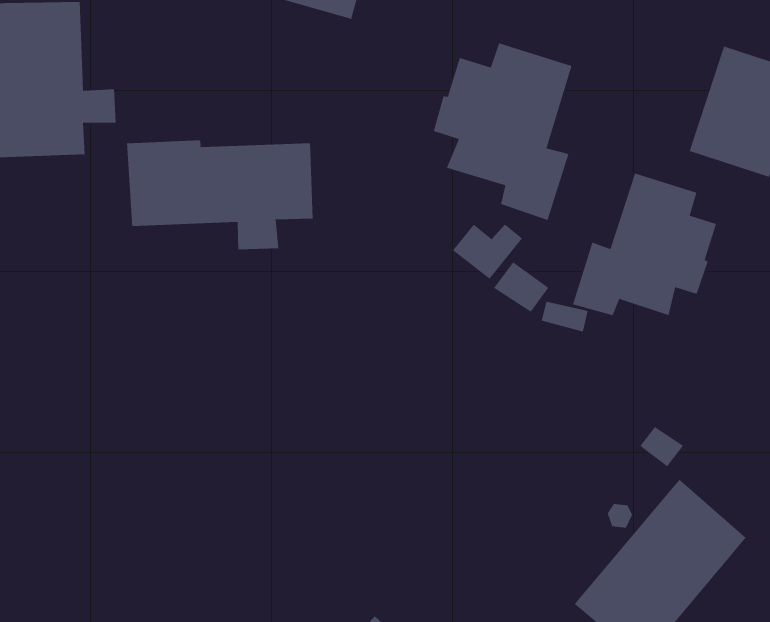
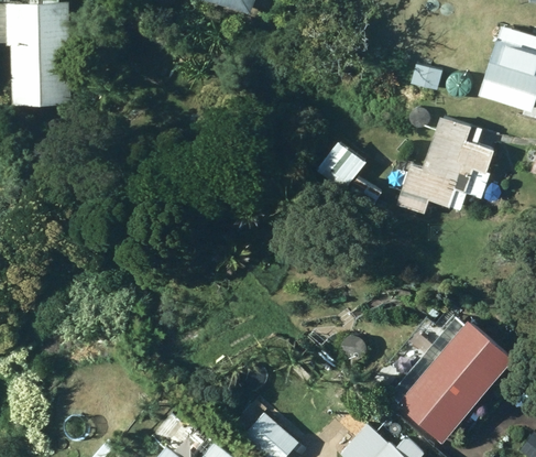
building: [433,42,572,221] -> none
building: [126,139,313,250] -> none

